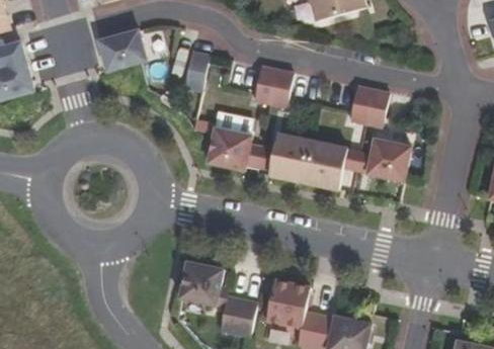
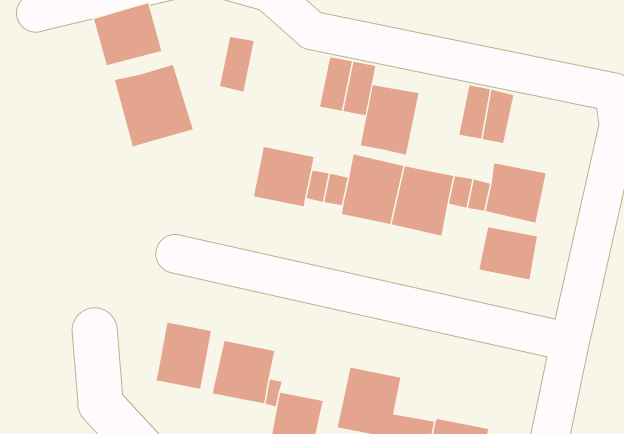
building: none -> [114,64,193,147]
building: none -> [360,85,419,155]
building: none -> [479,227,537,280]
building: none -> [156,322,212,389]

